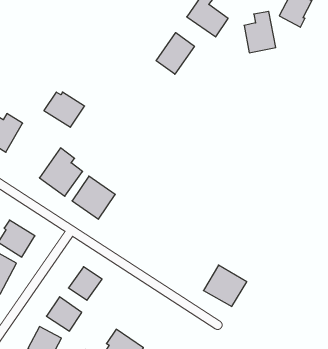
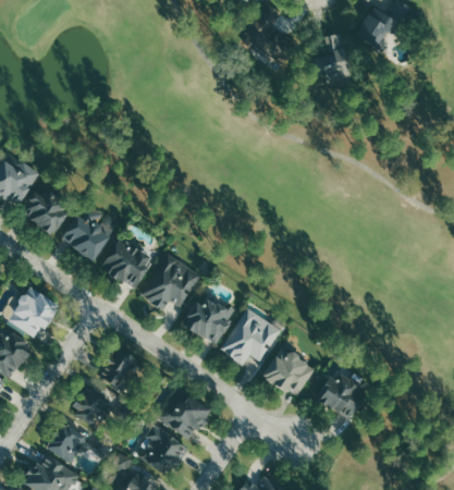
building: [156,33,194,74] -> none
building: [44,92,85,127] -> [20,192,70,235]
building: none -> [139,254,201,311]
building: none -> [183,294,235,345]
building: none -> [224,311,281,366]
building: none -> [318,376,369,421]
building: none -> [156,387,212,442]

